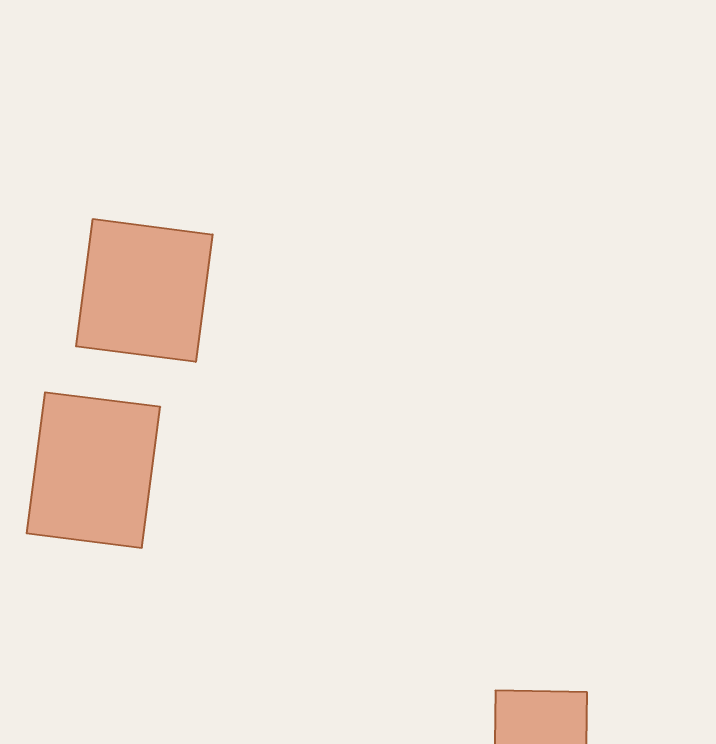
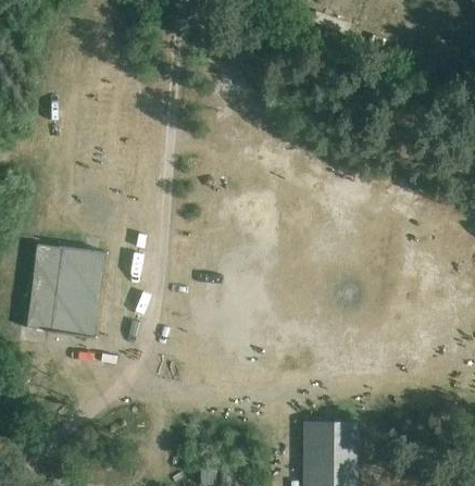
building: [76,219,213,362] -> none

